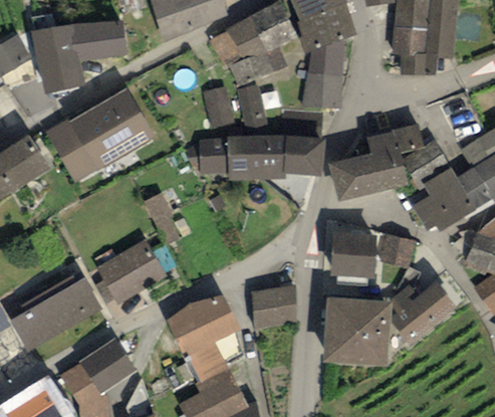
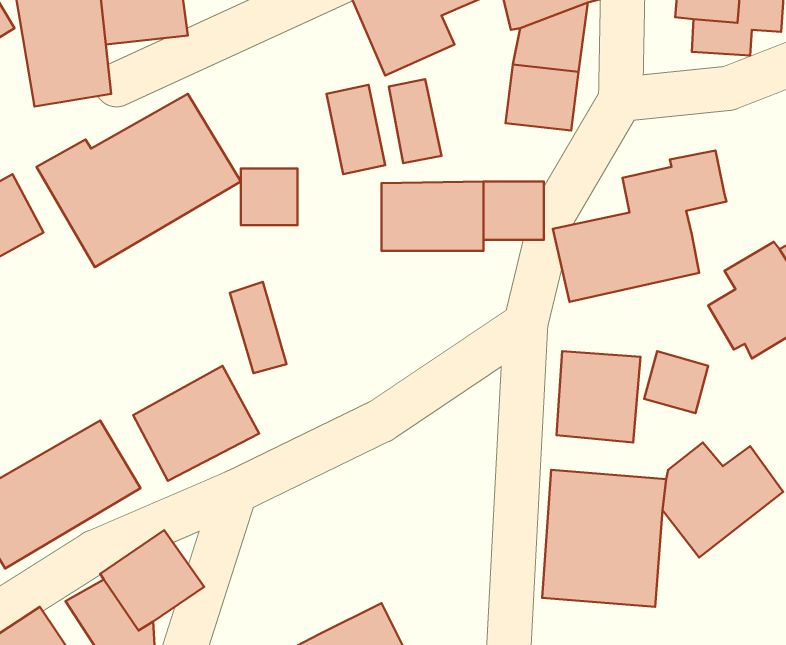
building: [202,140,233,171] -> [241,169,297,225]
building: [401,140,451,191] -> none
building: [253,281,296,316] -> none
building: [165,285,237,388] -> none

